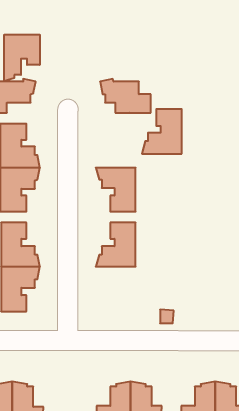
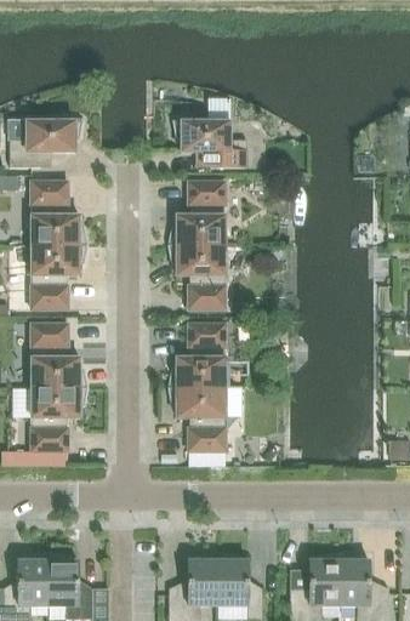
building: [4,35,40,81] -> none
building: [142,109,182,154] -> [167,181,224,245]
building: none -> [167,387,224,451]

